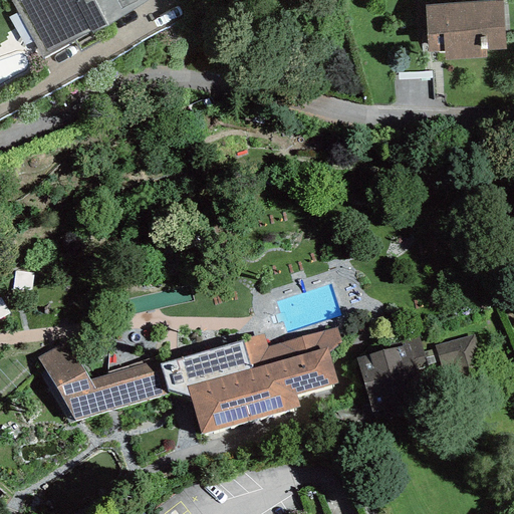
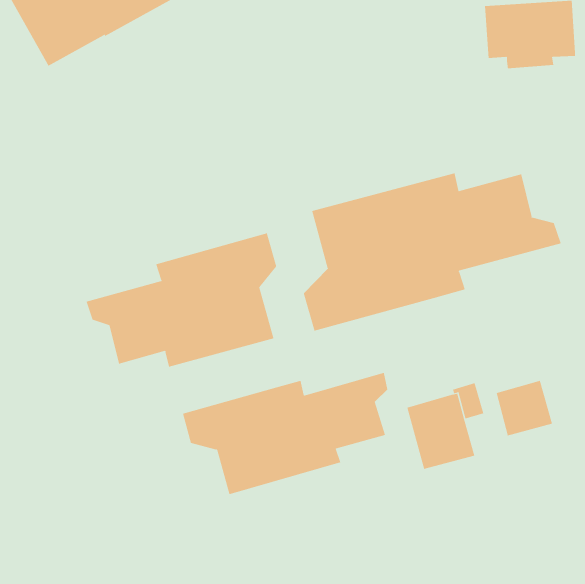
building: none -> [303,172,562,331]
building: none -> [86,232,277,368]
building: [37,341,169,421] -> none

